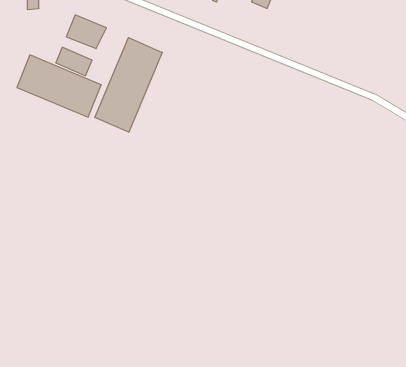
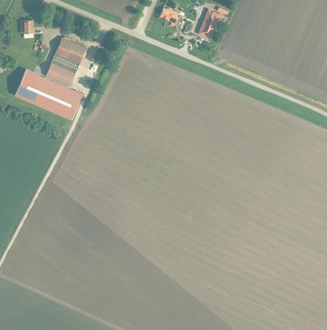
building: [95,38,162,132] -> none

